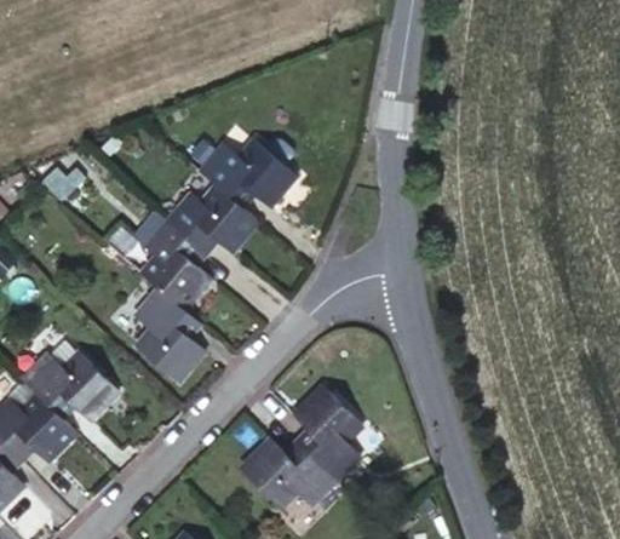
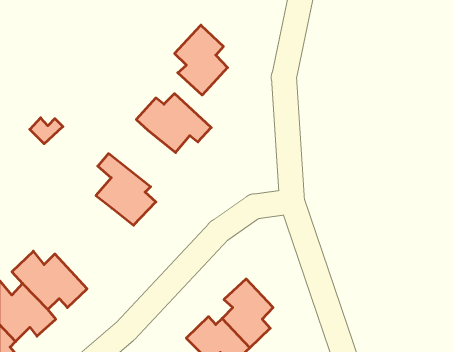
building: none -> [175,25,228,95]
building: [148,185,252,262] -> none
building: [128,291,199,377] -> none

